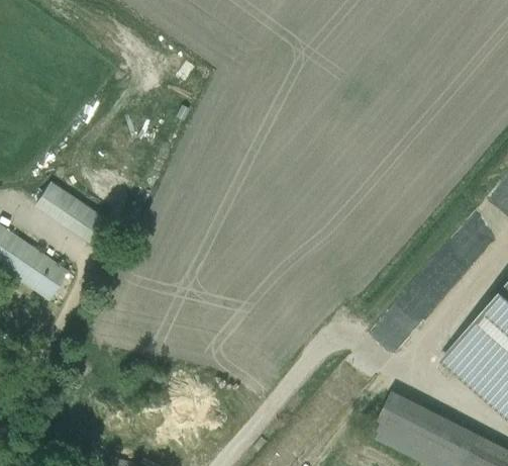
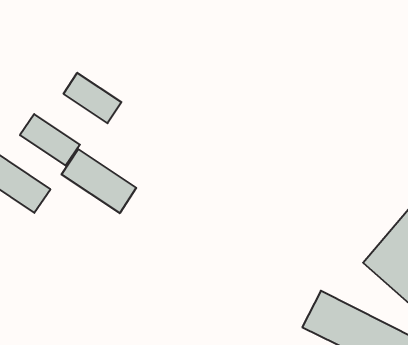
building: none -> [64,73,121,123]
building: none -> [62,149,136,213]

